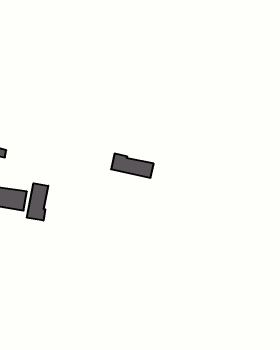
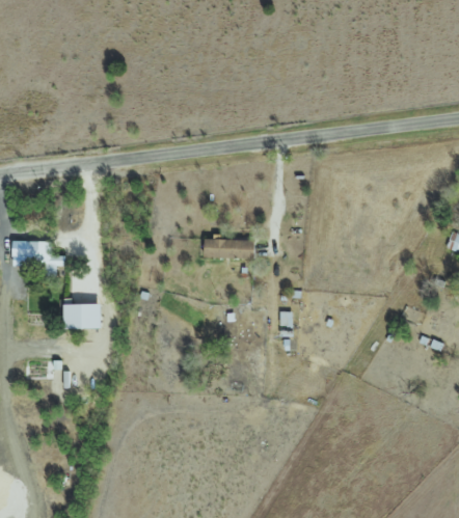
building: [27,183,48,221] -> none

